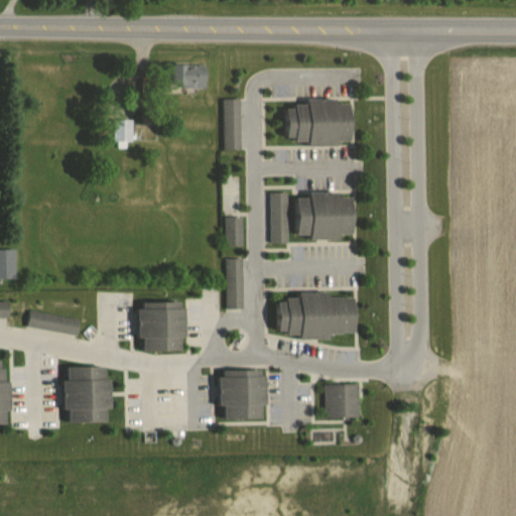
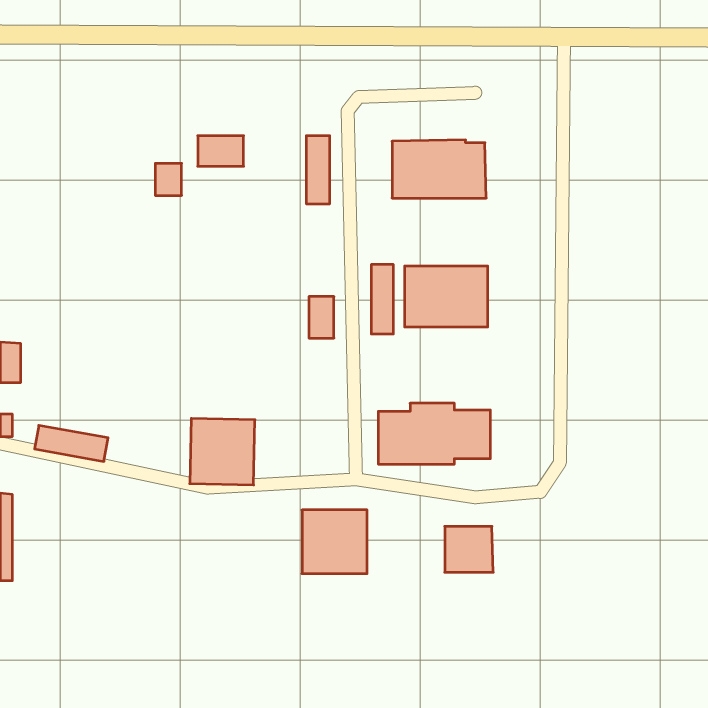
building: [173,66,207,88] -> [198,136,244,166]
building: [226,259,242,308] -> none
building: [66,366,111,420] -> none

